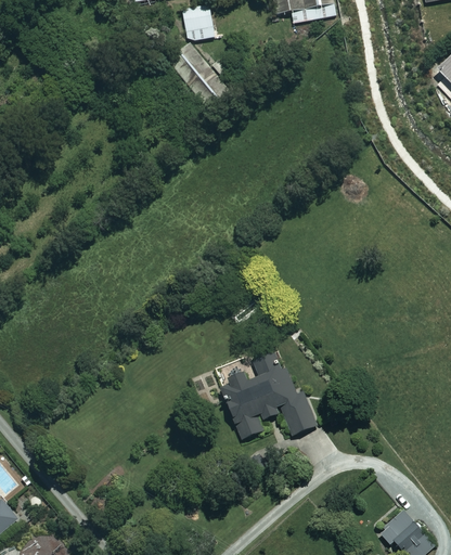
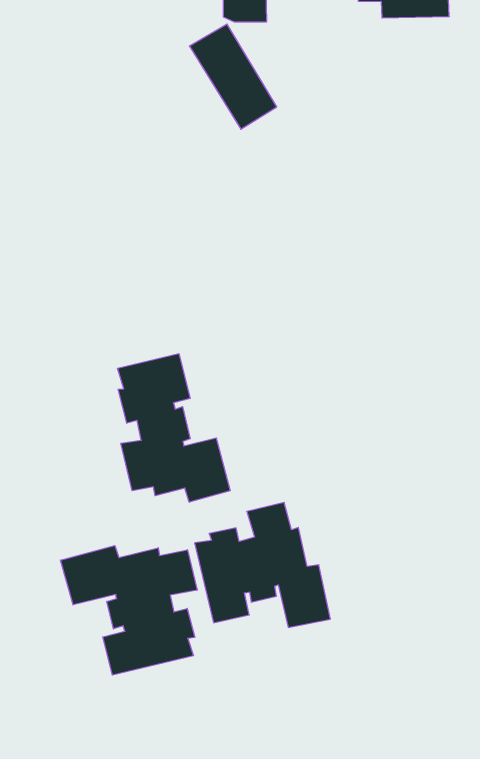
building: none -> [118,354,230,502]
building: none -> [61,546,197,675]

